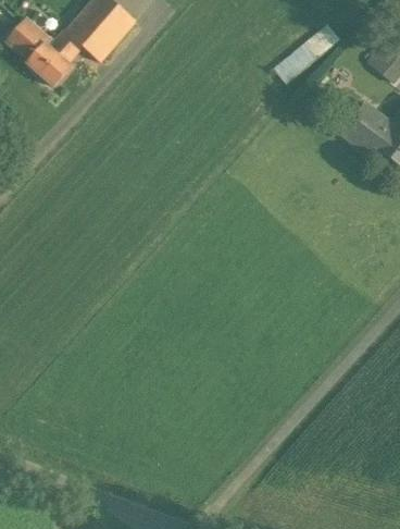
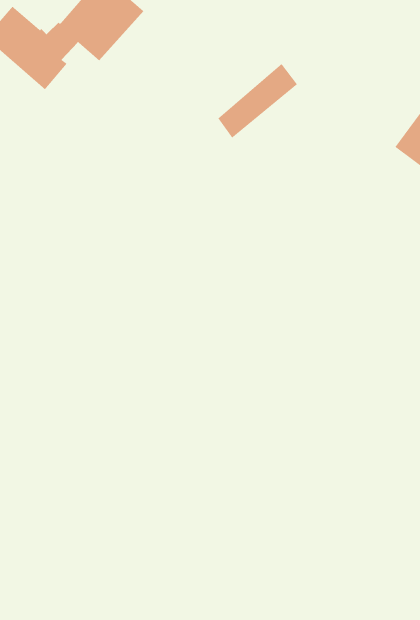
building: [274,21,340,83] -> [217,63,298,138]

